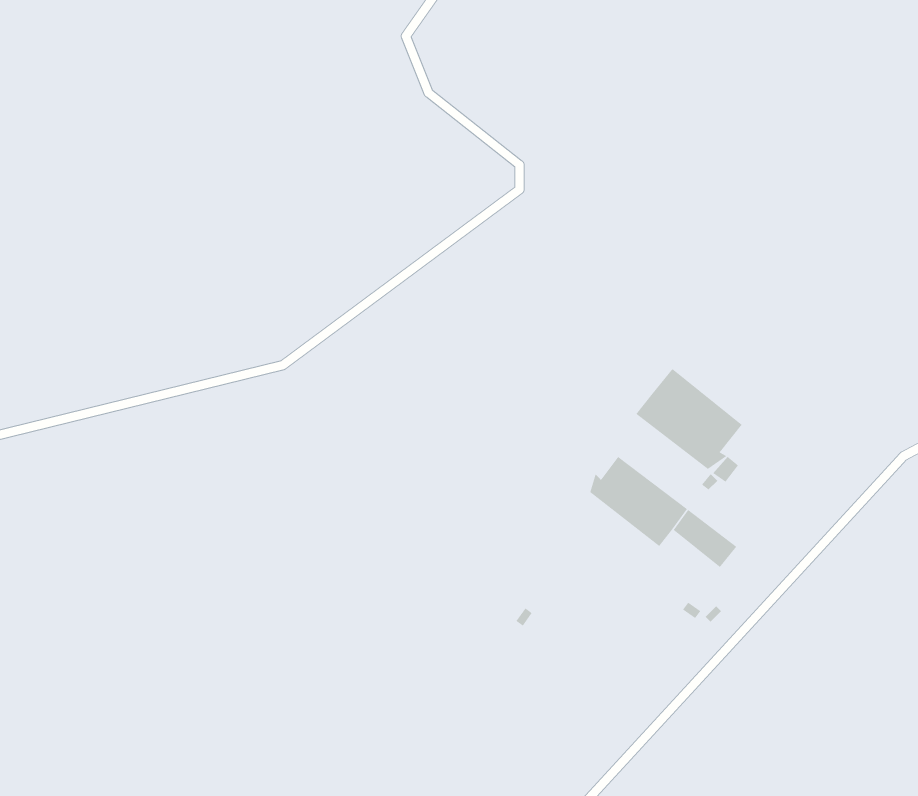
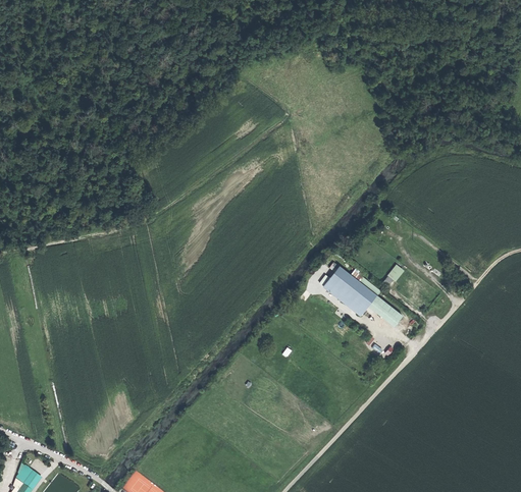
building: [636,368,743,470] -> none

